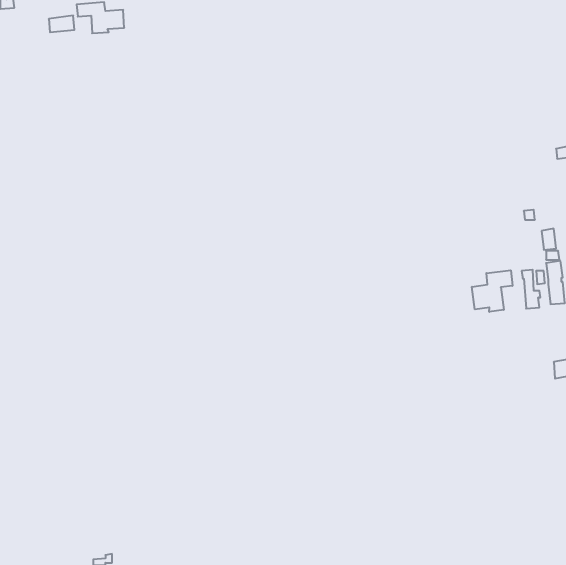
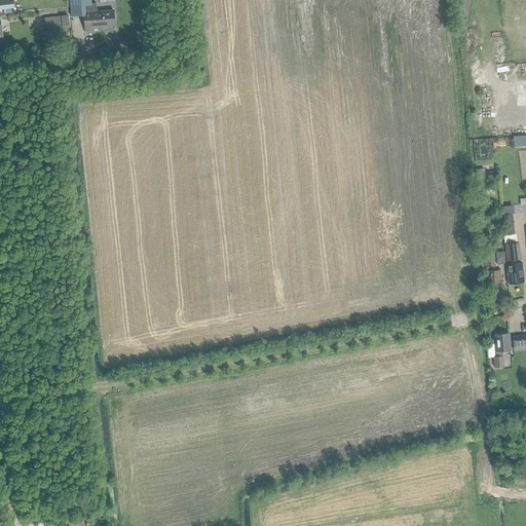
building: [472,270,512,312] -> none
building: none -> [495,332,512,366]

